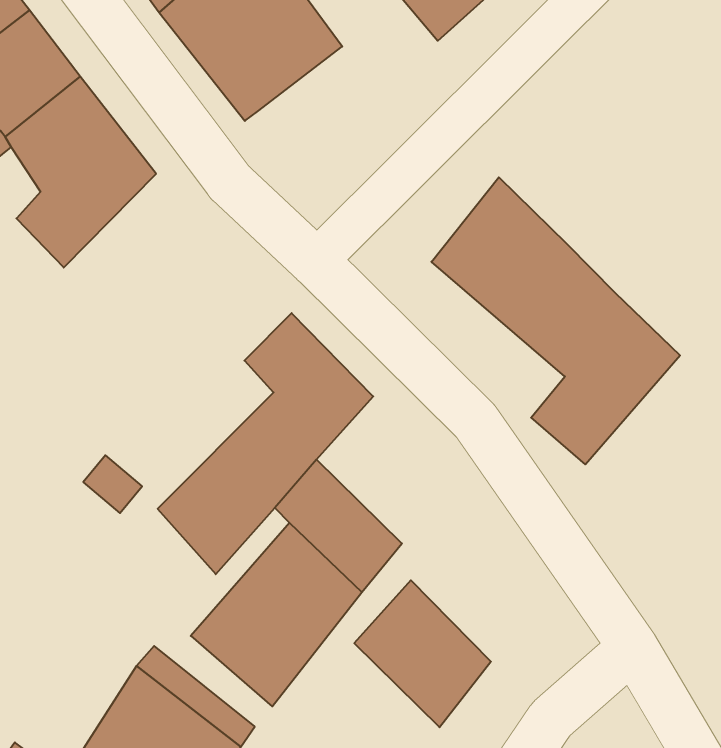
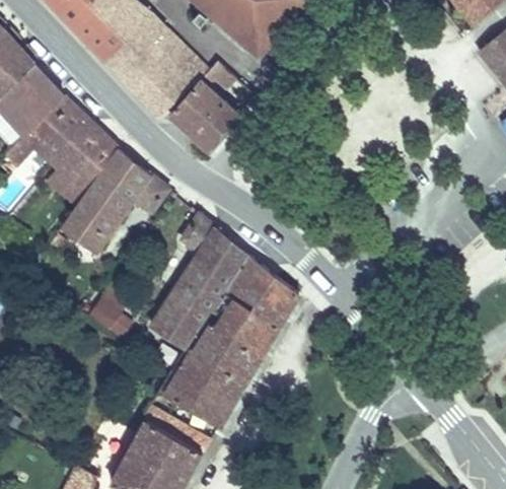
building: none -> [166,57,242,149]
building: none -> [59,149,168,254]
building: [431,177,680,464] -> none
building: [354,580,491,727] -> [224,255,300,333]

